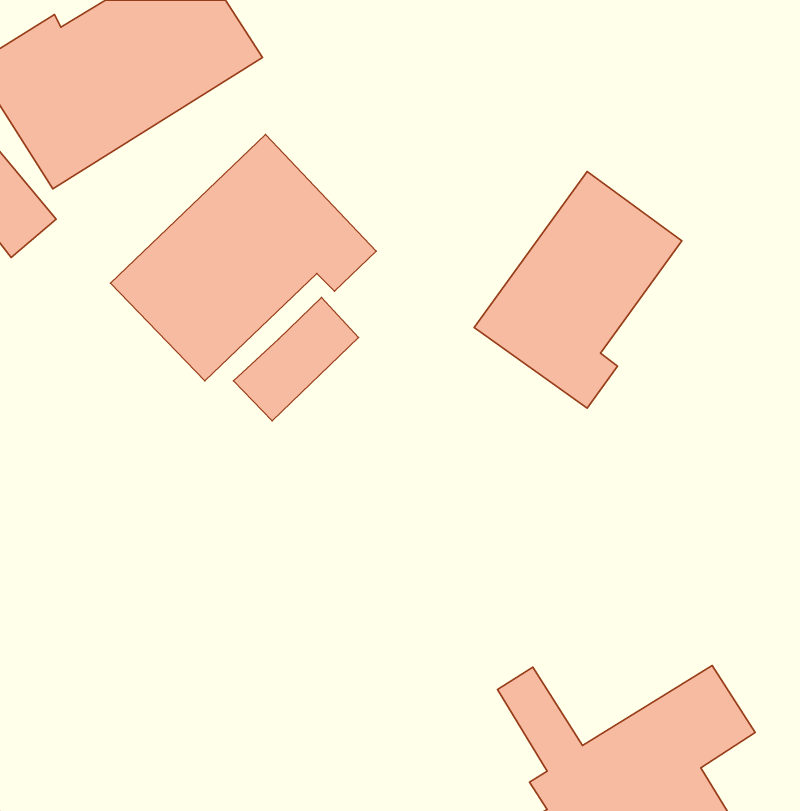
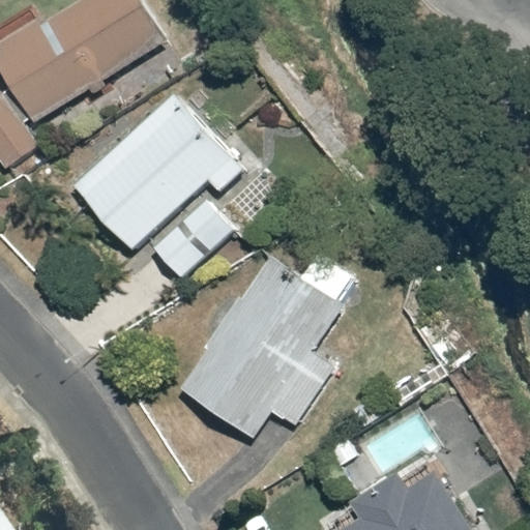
building: [474,172,682,408] -> none
building: none -> [179,254,353,440]

